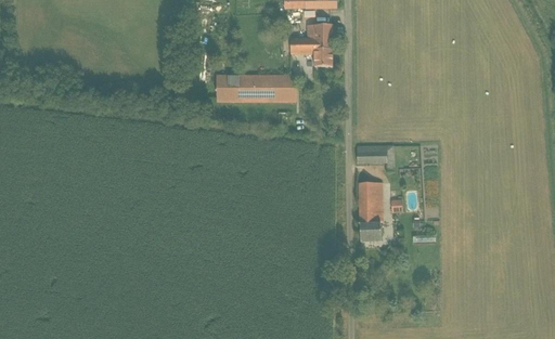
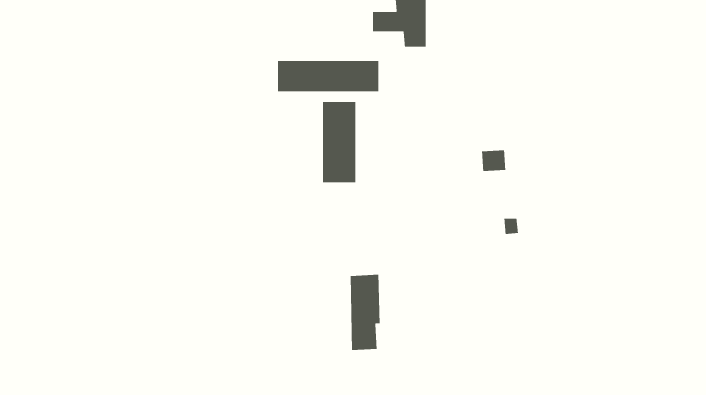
building: none -> [322,101,356,183]
building: [359,182,383,242] -> [350,274,380,351]

